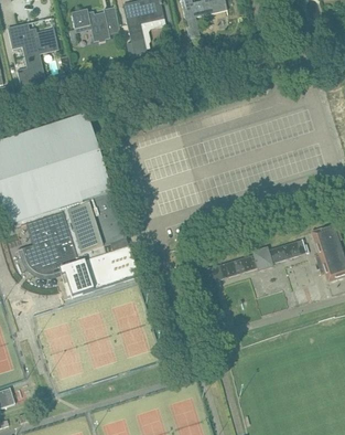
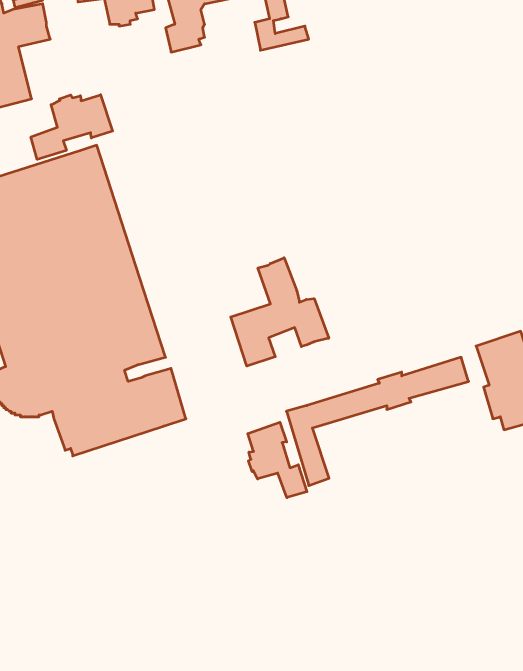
building: none -> [31,95,113,159]
building: none -> [231,258,329,366]
building: none -> [248,422,307,498]

